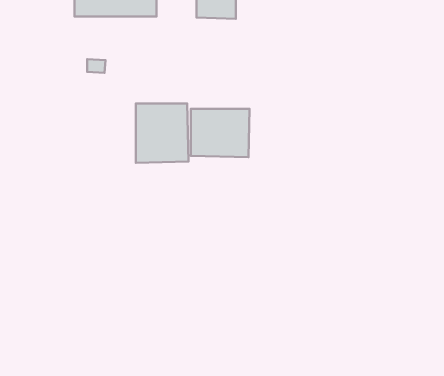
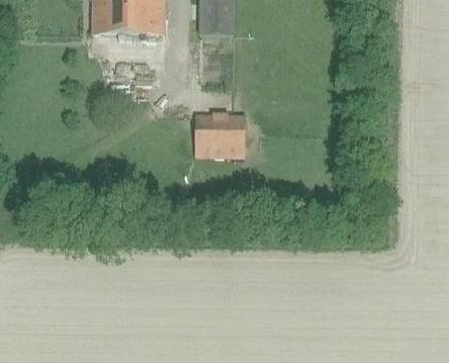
building: [136,103,189,163] -> none

